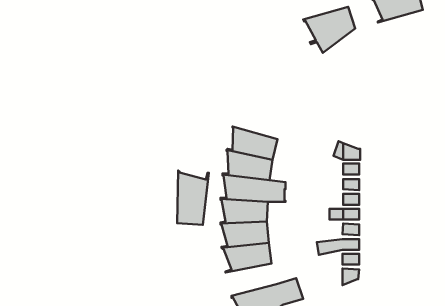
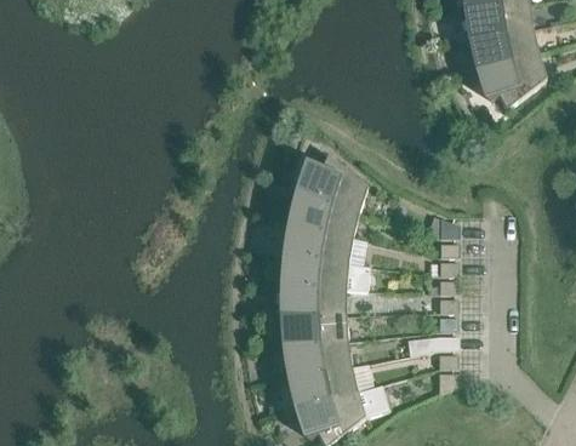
building: [303,7,355,53] -> [477,53,541,110]
building: none -> [297,156,361,213]
building: [177,170,209,225] -> none
building: none -> [289,367,352,407]

